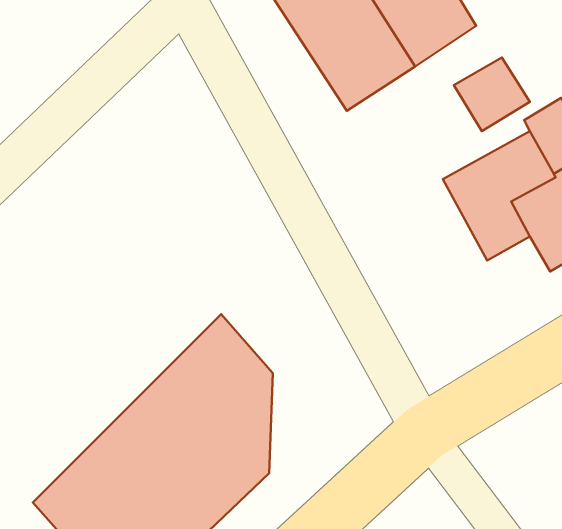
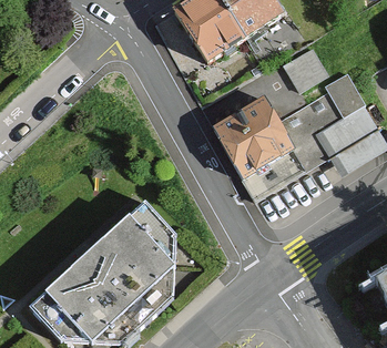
building: none -> [213,96,303,194]

